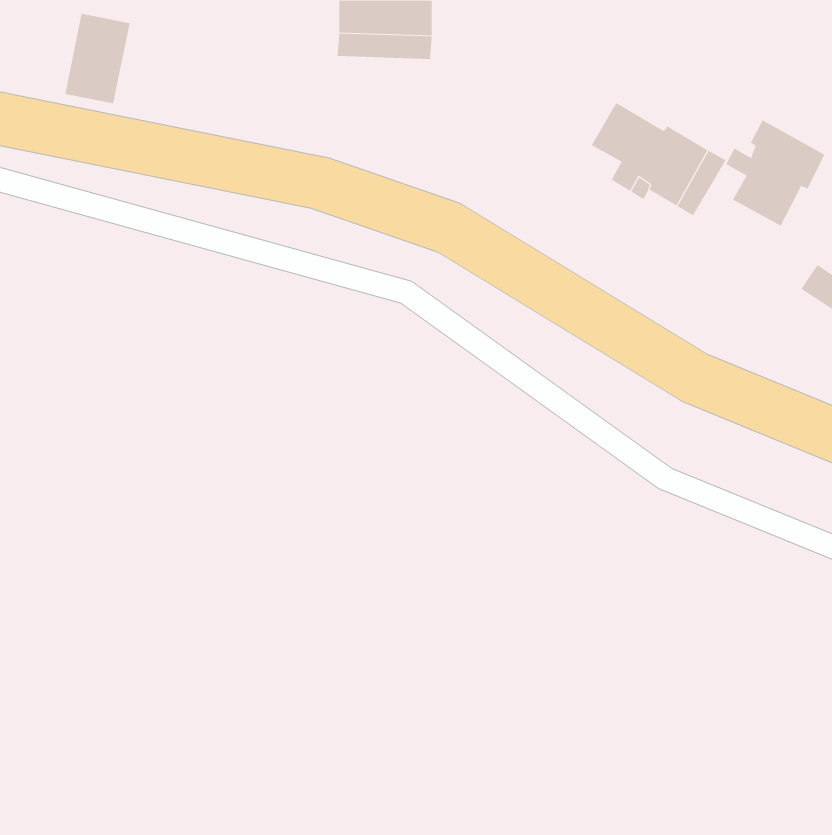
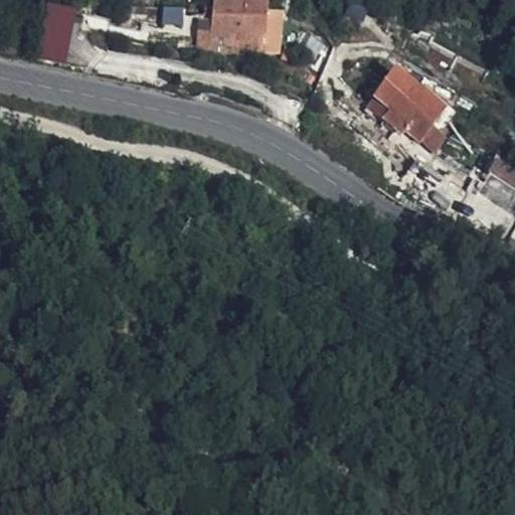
building: [726,119,825,226] -> none

